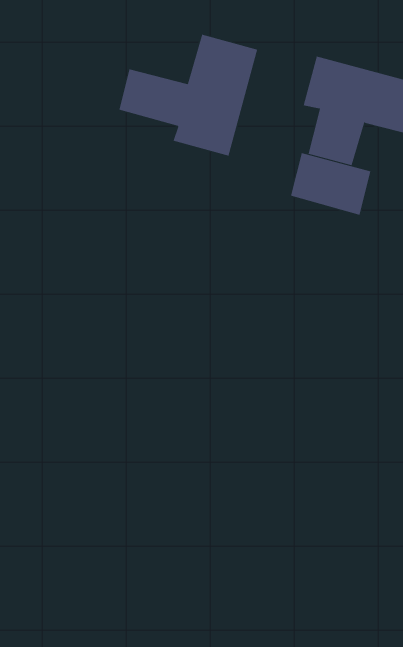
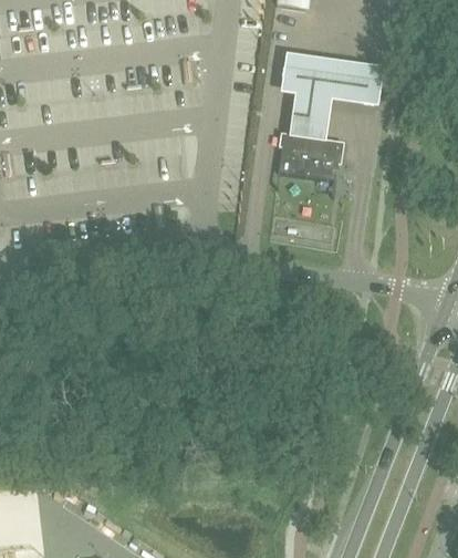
building: [119,34,258,156] -> none

